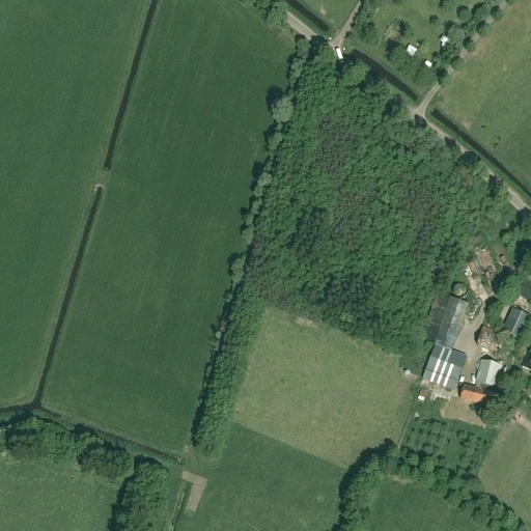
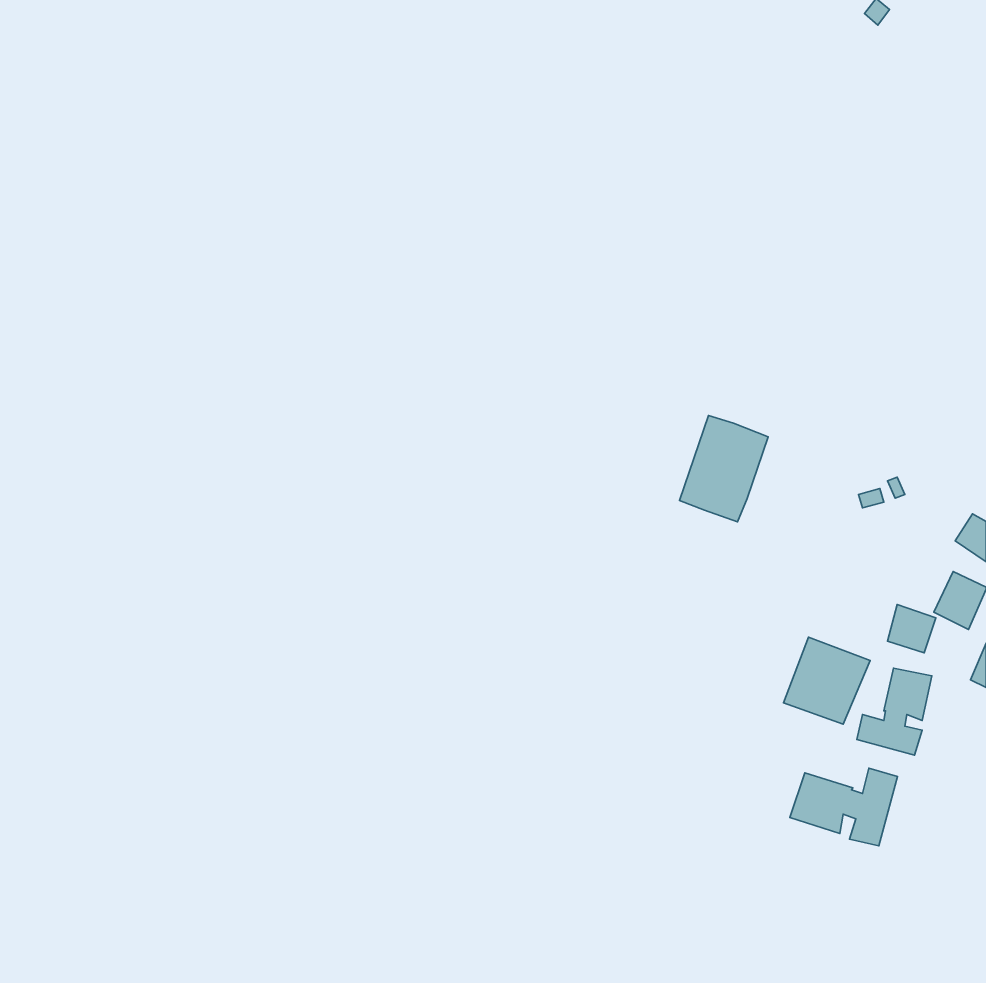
building: [421,291,469,348] -> [680,416,768,522]
building: none -> [790,768,897,846]

